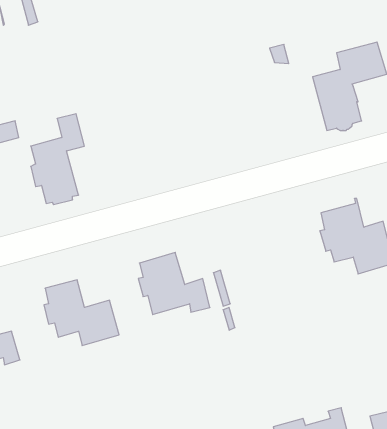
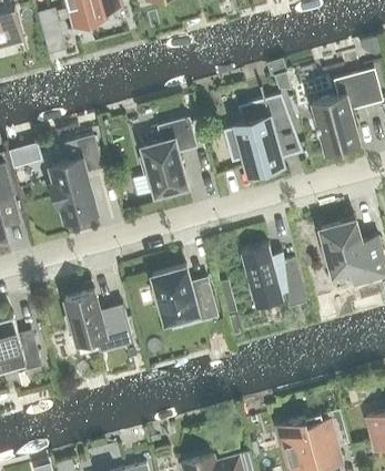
building: none -> [225,88,301,174]
building: none -> [140,119,197,196]
building: none -> [240,244,306,307]

